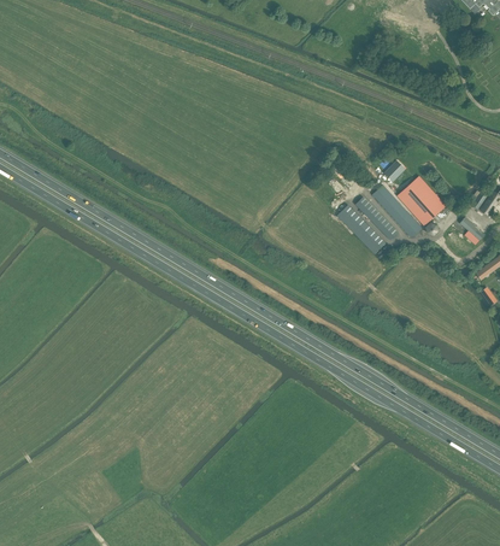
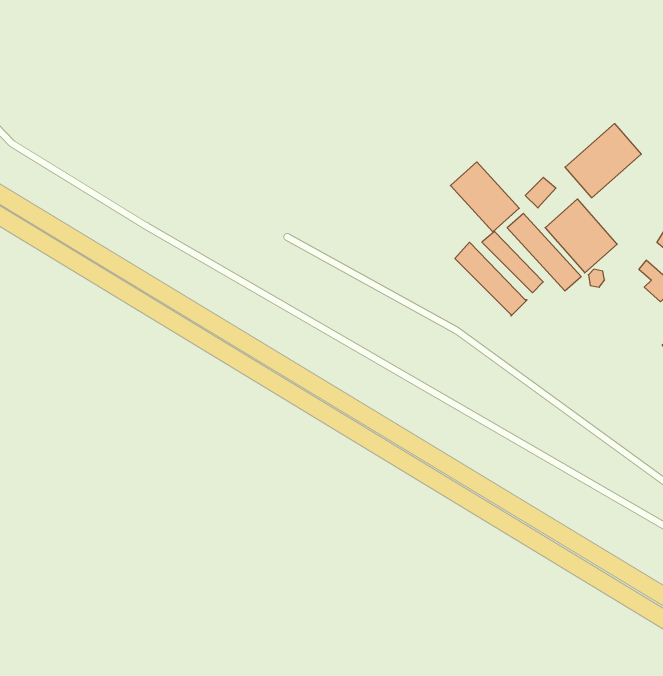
building: none -> [565,124,641,198]
building: none -> [450,162,519,232]

